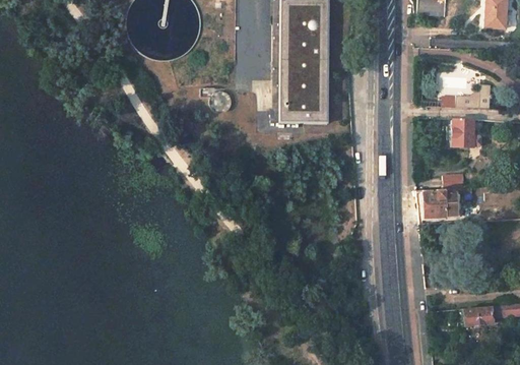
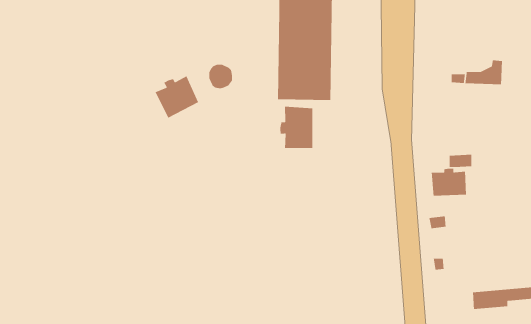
building: none -> [154,75,199,119]
building: [452,118,481,146] -> none
building: none -> [280,106,313,149]

